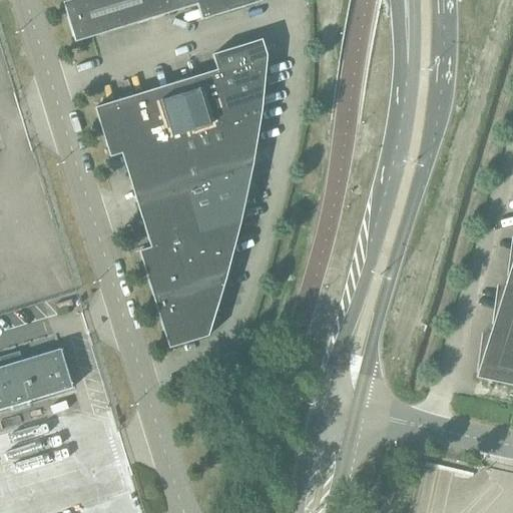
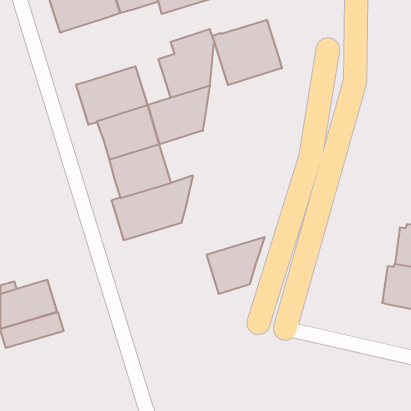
building: none -> [213,20,282,85]
building: [170,73,213,130] -> none
building: [199,161,253,226] -> none
building: [155,276,227,346] -> [207,237,265,294]

